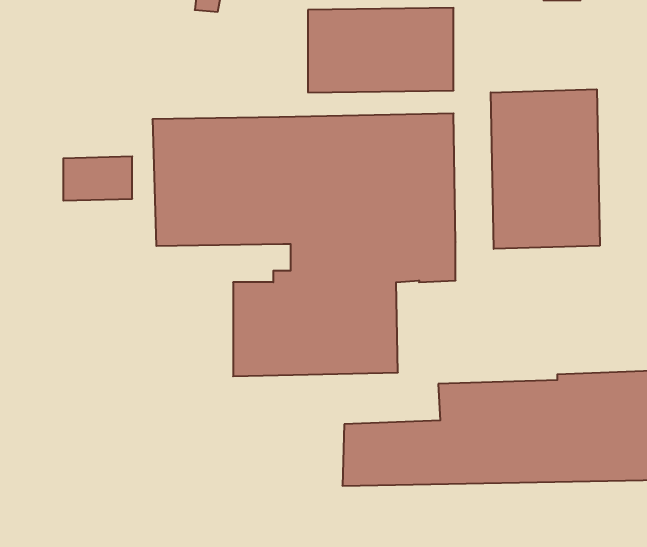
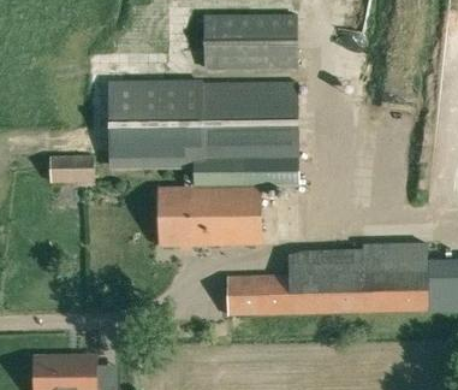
building: [491,89,600,249] -> none
building: [63,156,132,201] -> [50,155,94,183]

